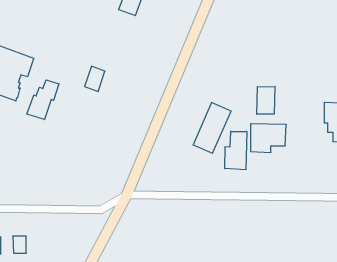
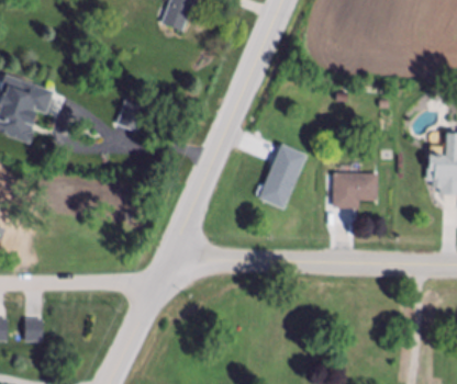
building: [27,80,59,120] -> none
building: [257,86,275,114] -> none
building: [225,131,247,170] -> none

